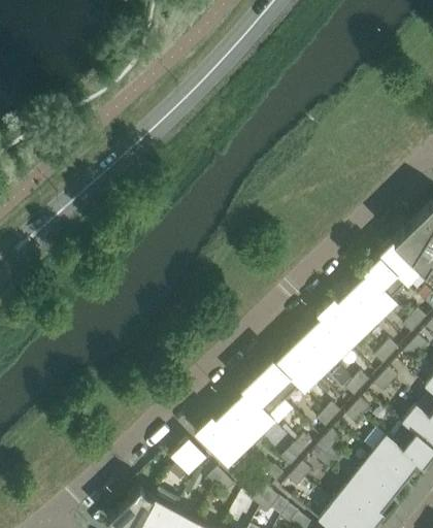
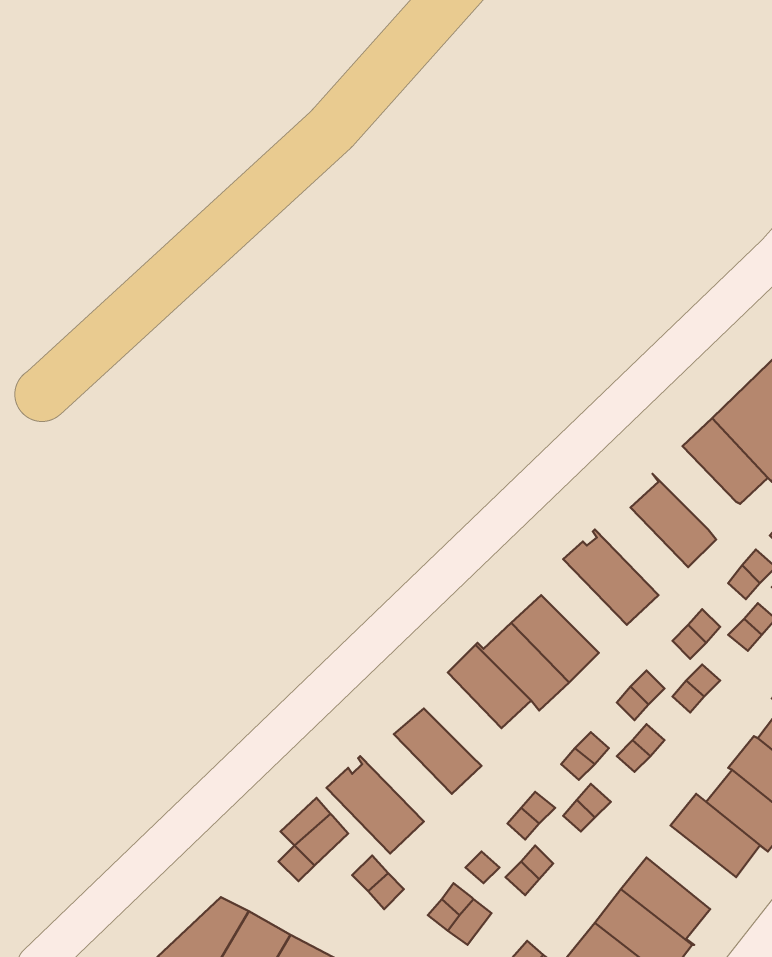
building: [363,258,406,301] -> none
building: [333,290,381,335] -> none
building: [305,317,349,365] -> none
building: [240,375,285,419] -> none
building: [211,407,259,453] -> none
building: [360,455,406,498] -> none

